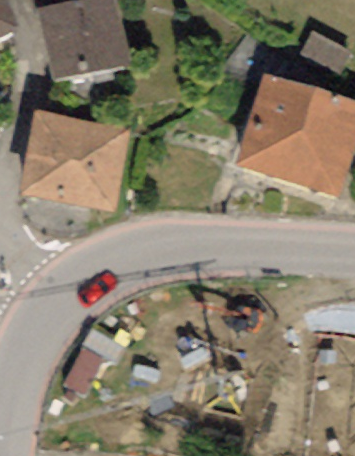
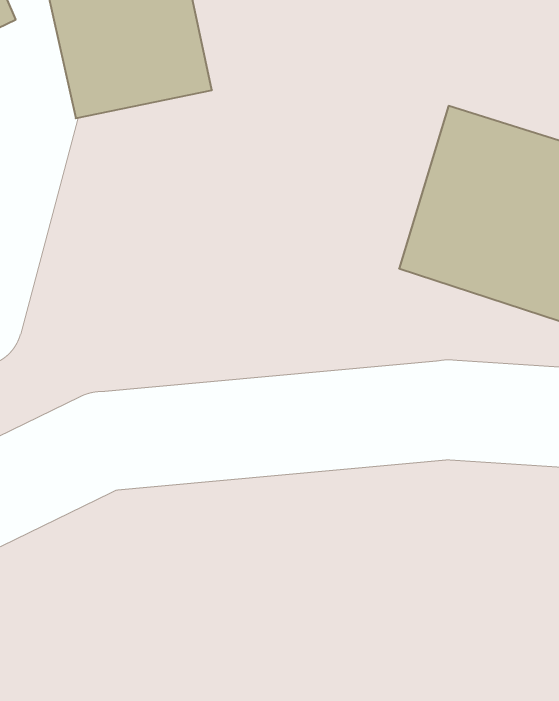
building: [19,109,131,210] -> none

